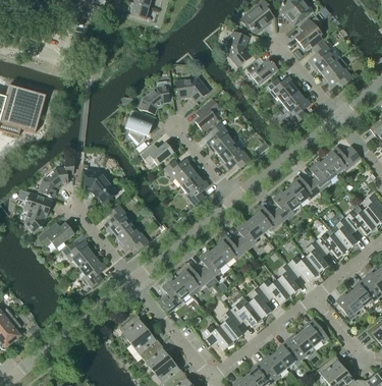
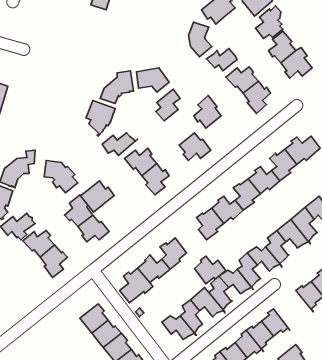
building: [207,121,234,154] -> [194,96,221,128]
building: none -> [81,181,114,212]
building: [215,234,247,262] -> [195,256,226,284]

